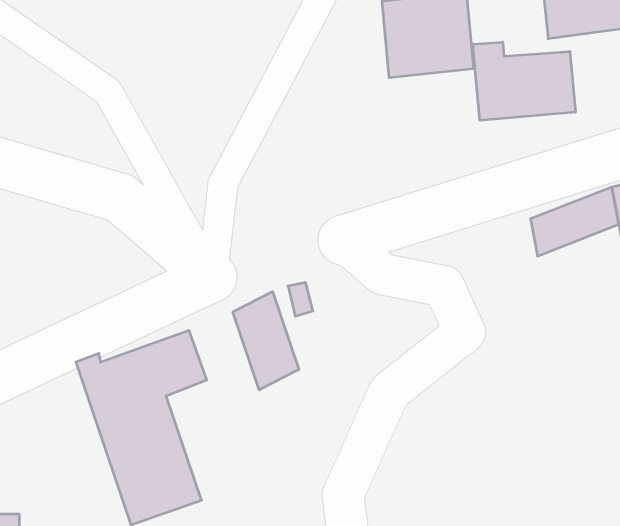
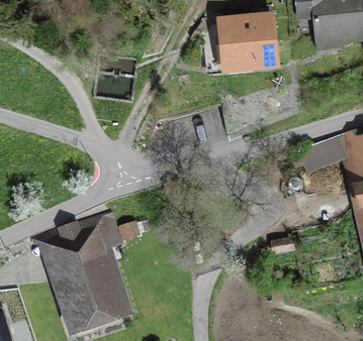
building: [473,42,575,120] -> none
building: [233,292,299,390] -> none

